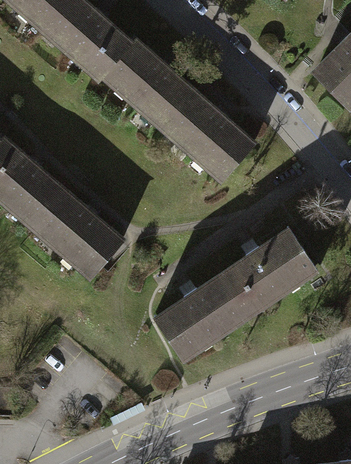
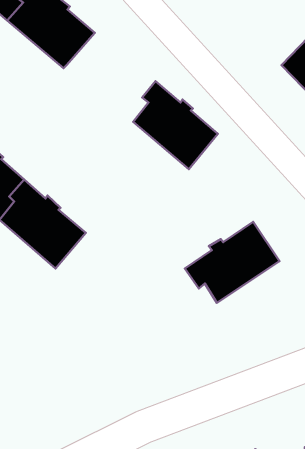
building: [102,41,190,132] -> none
building: [152,277,251,359] -> none

